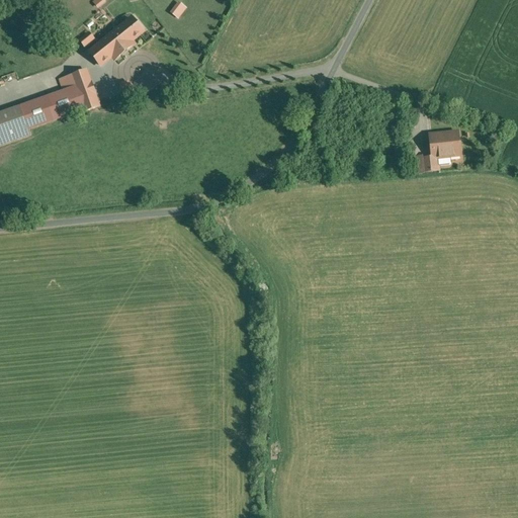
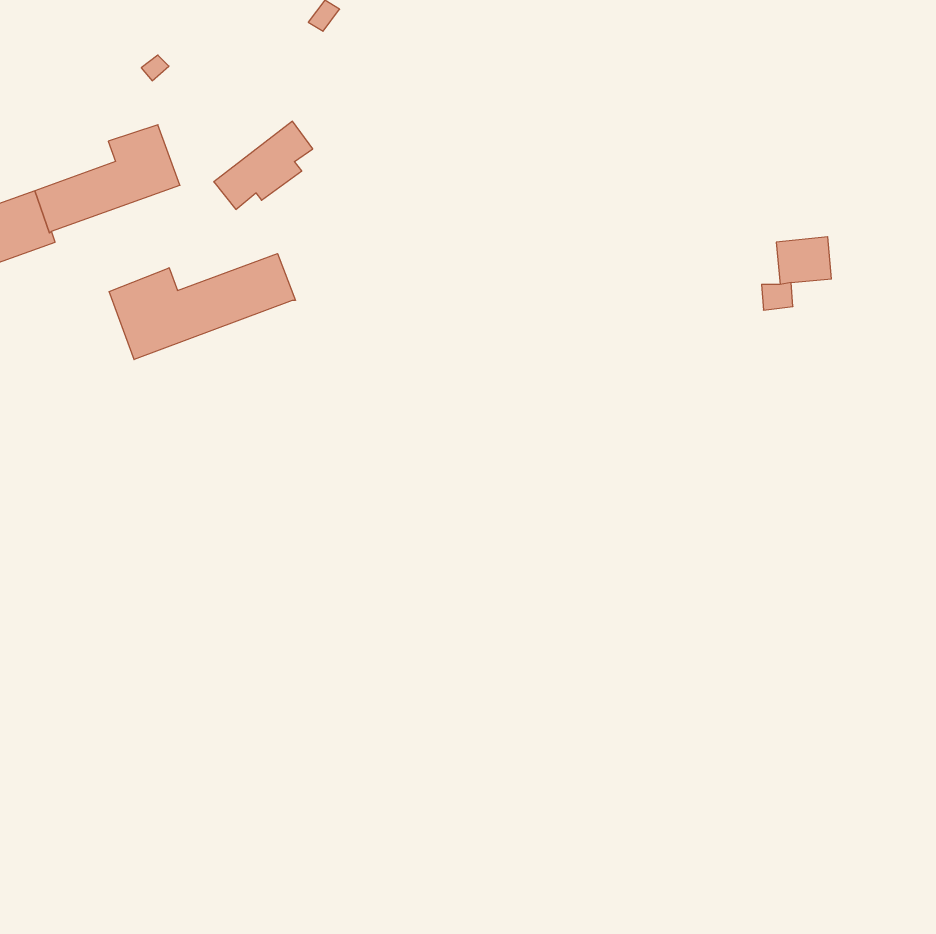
building: [87,15,142,64] -> [214,121,313,209]
building: none -> [109,254,295,360]

